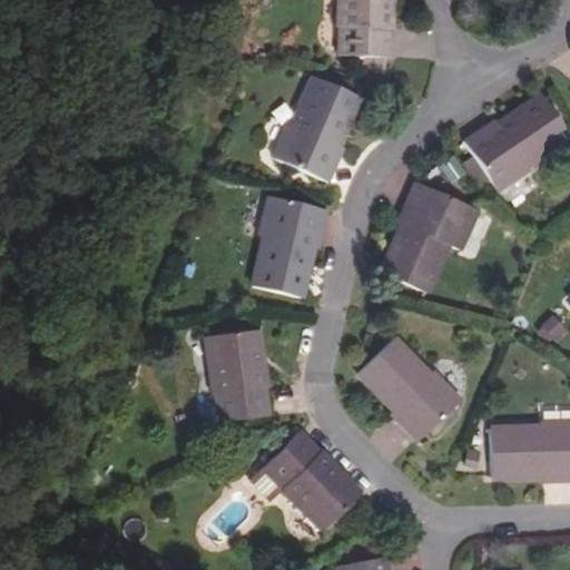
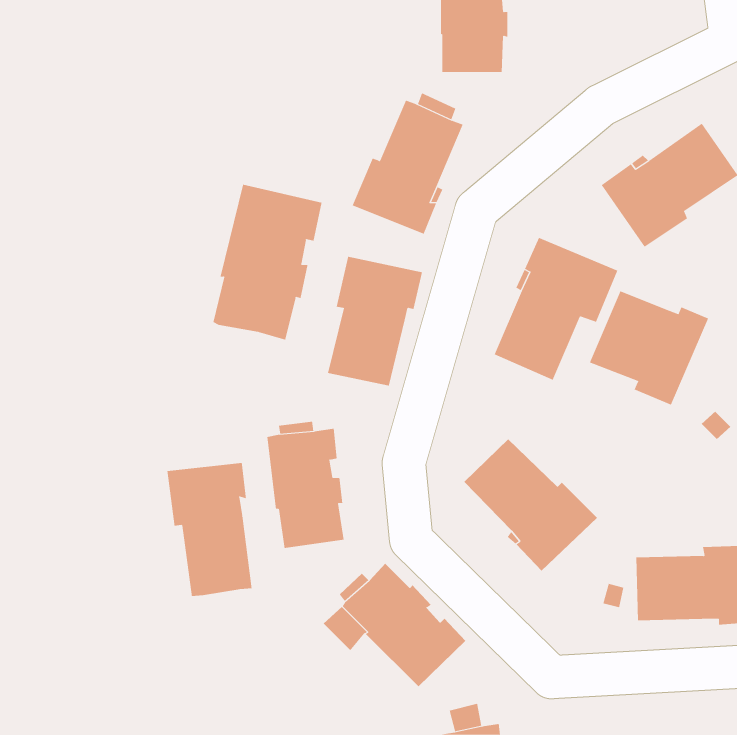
building: none -> [213,184,322,341]
building: none -> [589,290,709,406]
building: none -> [167,462,252,597]

